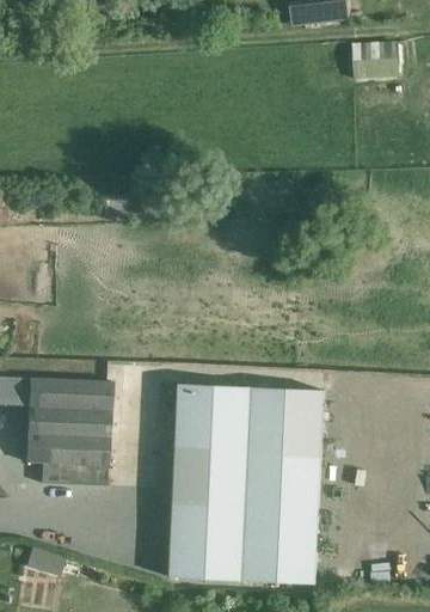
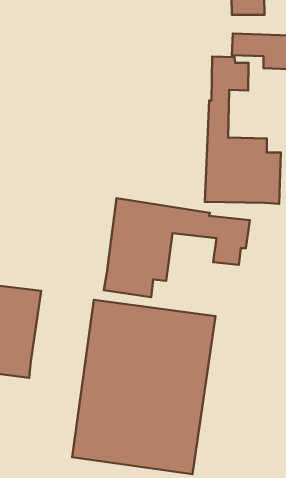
building: none -> [205,56,281,204]
building: none -> [104,198,250,297]

